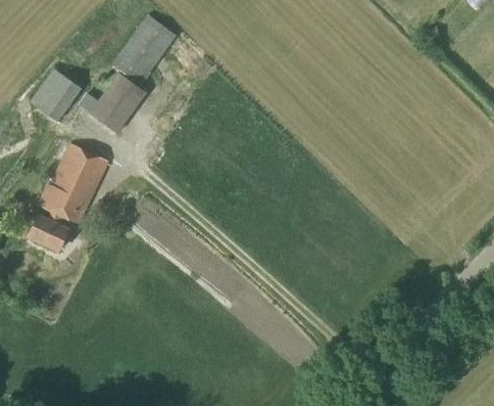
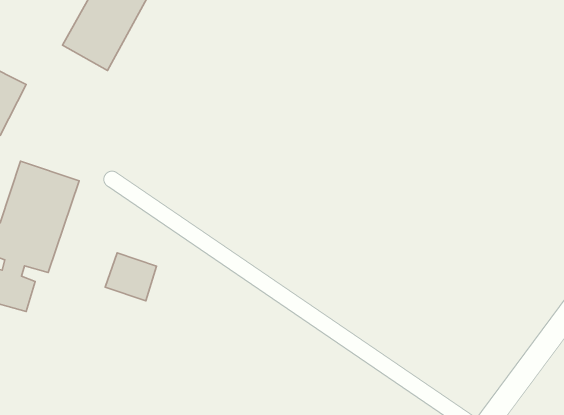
building: [89,72,146,133] -> none
building: none -> [105,253,157,301]

